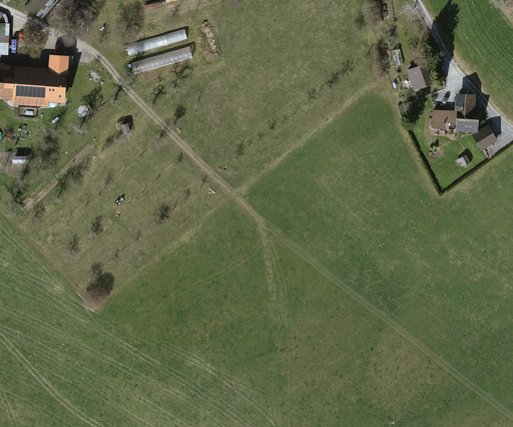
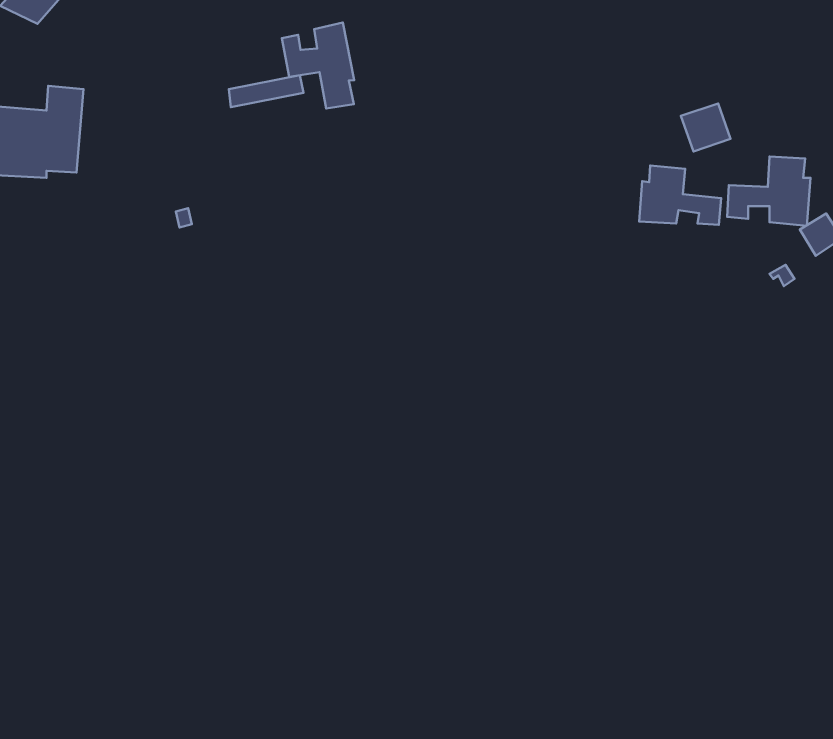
building: none -> [282,22,354,108]
building: none -> [639,166,721,225]

